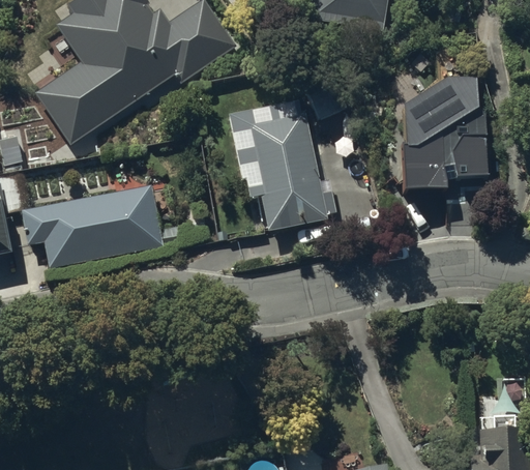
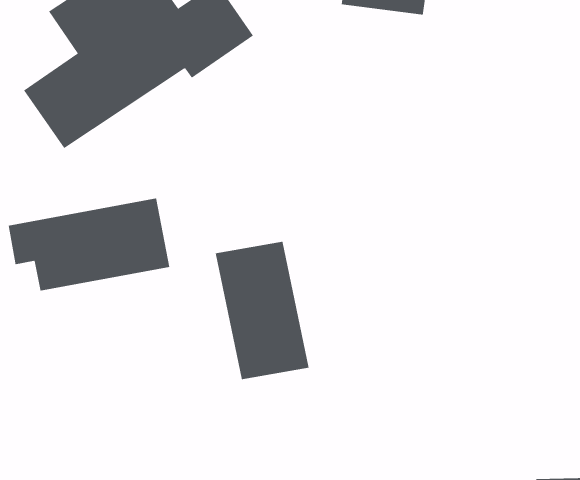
building: [391,93,487,184] -> none
building: [246,109,328,229] -> [215,241,309,380]

